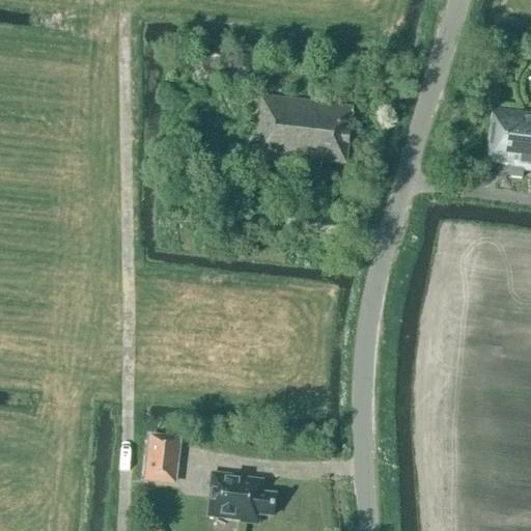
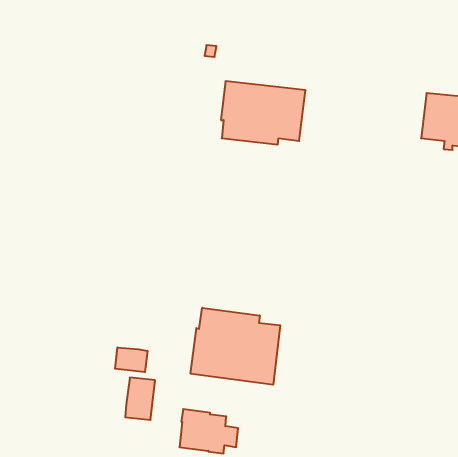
building: none -> [191,308,280,385]
building: none -> [115,347,147,372]

